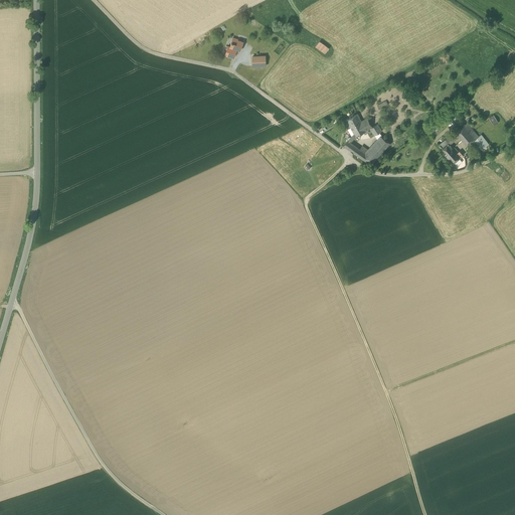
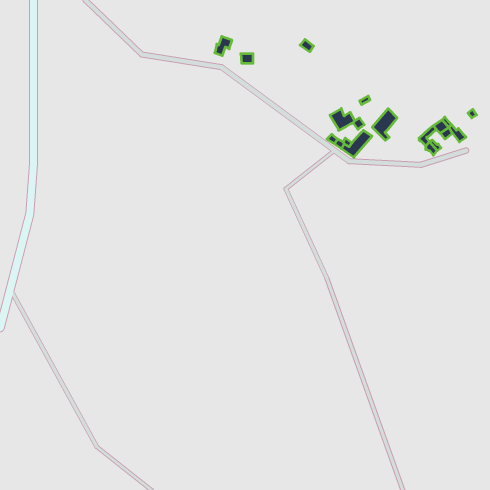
building: none -> [372,109,397,140]

